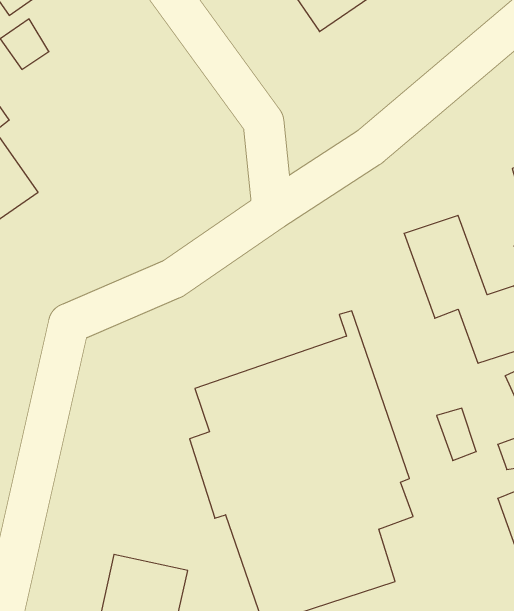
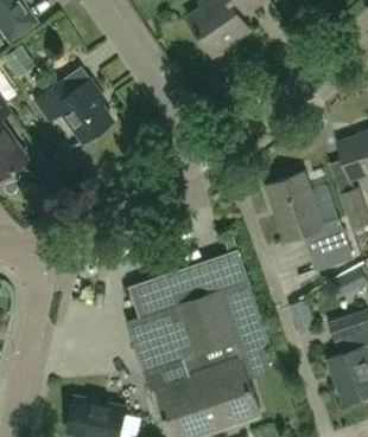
building: none -> [33,78,110,142]

